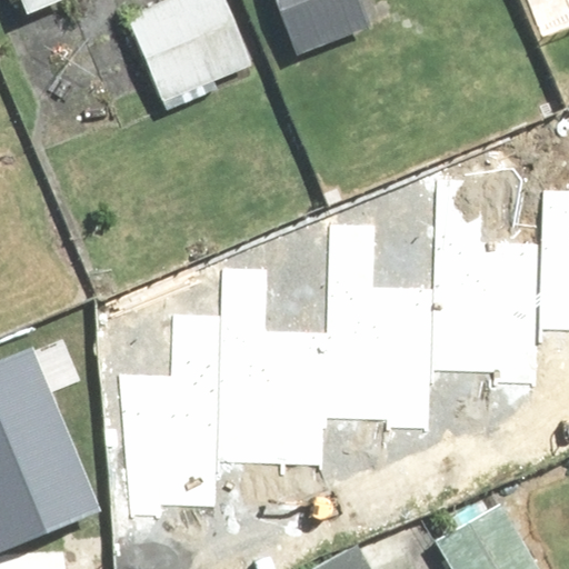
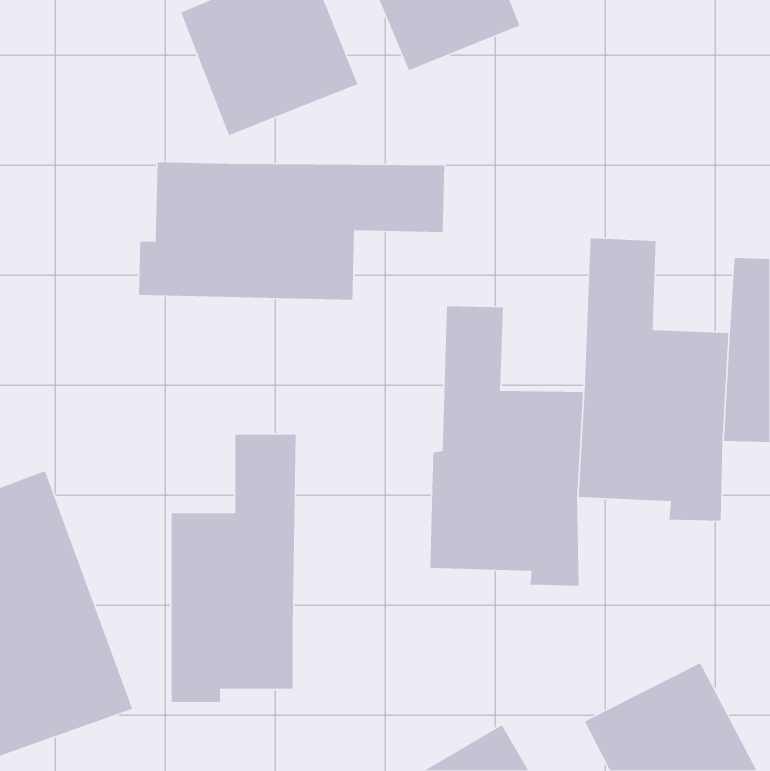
building: none -> [138,161,445,300]
building: [216,273,318,472] -> none

